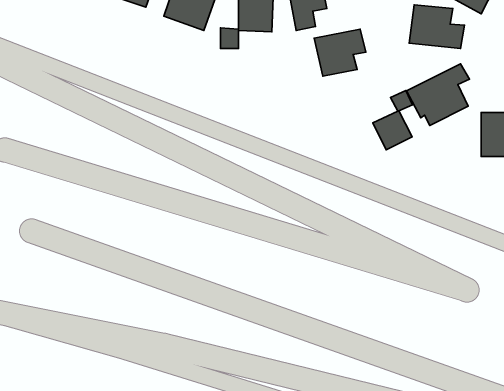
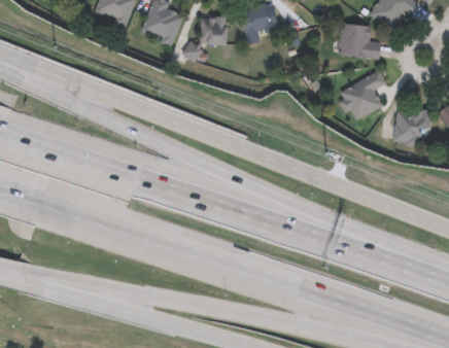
building: [314,29,366,76] -> none
building: [373,90,413,150] -> none

